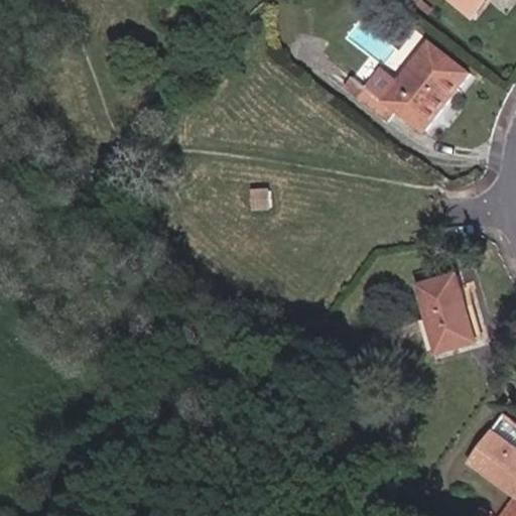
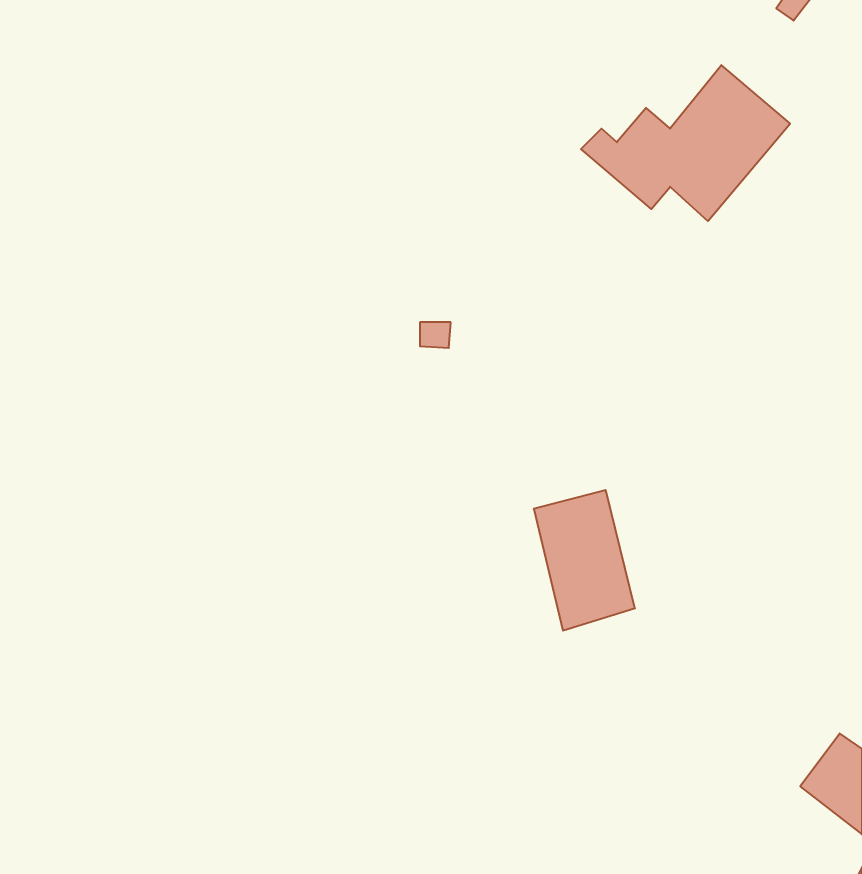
building: [419,273,479,356] -> [534,490,635,631]

